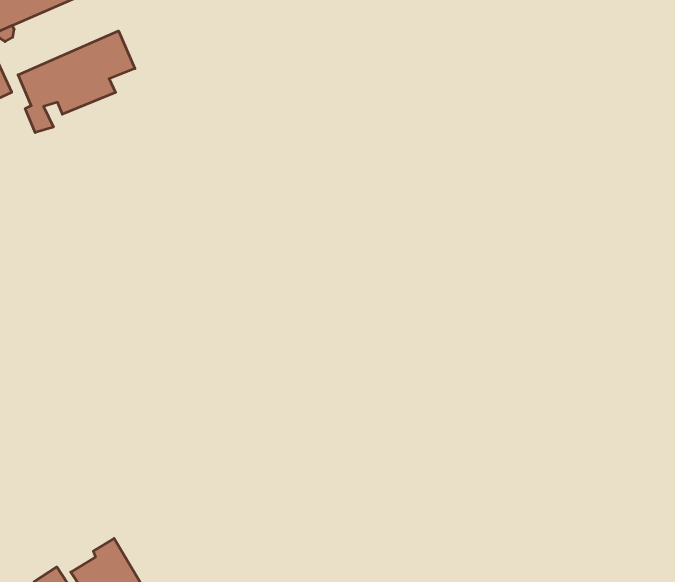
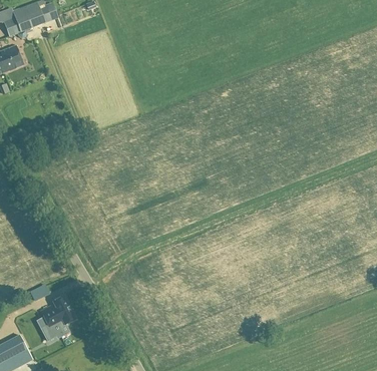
building: [18,31,135,133] -> none

